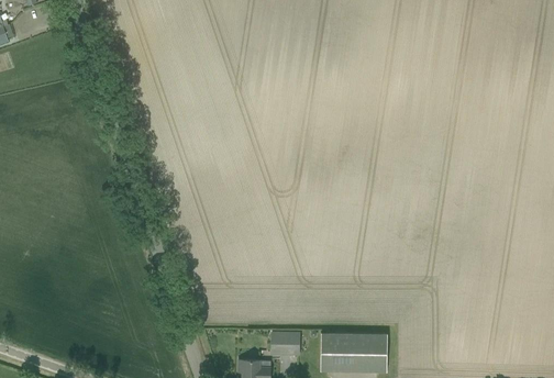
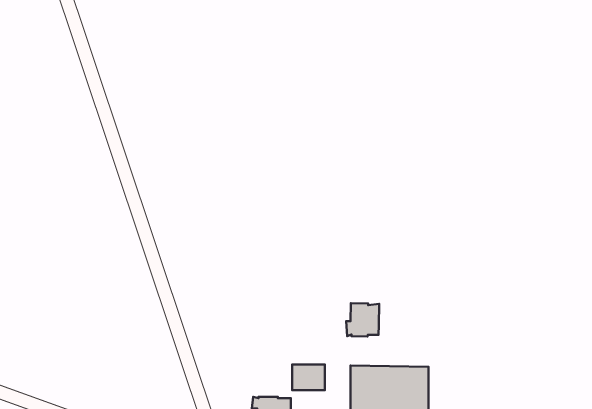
building: none -> [346,303,379,336]

